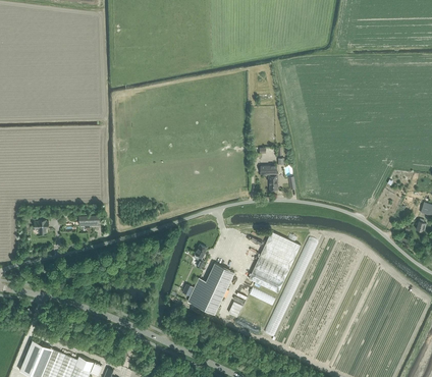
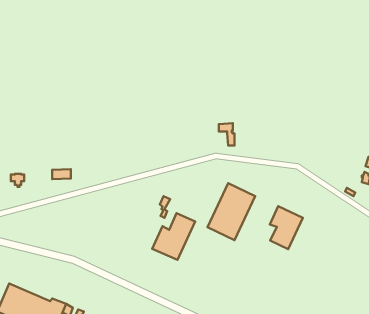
building: none -> [270,206,303,249]

